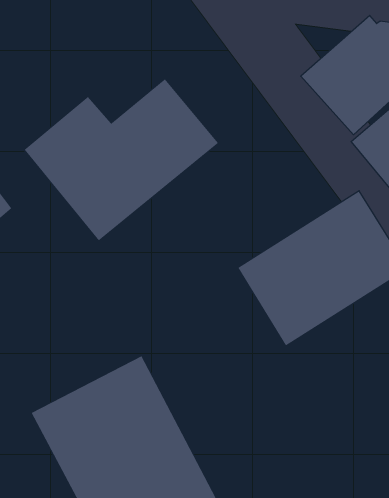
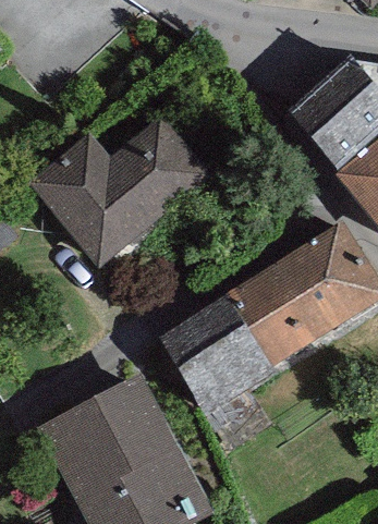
building: none -> [157,292,278,415]

